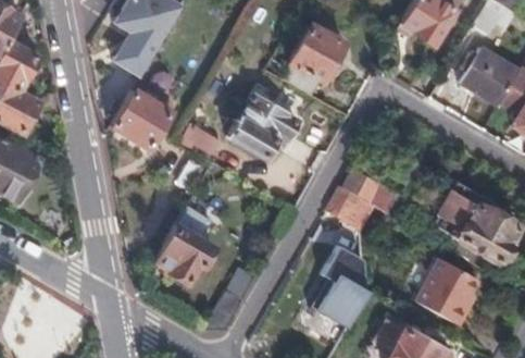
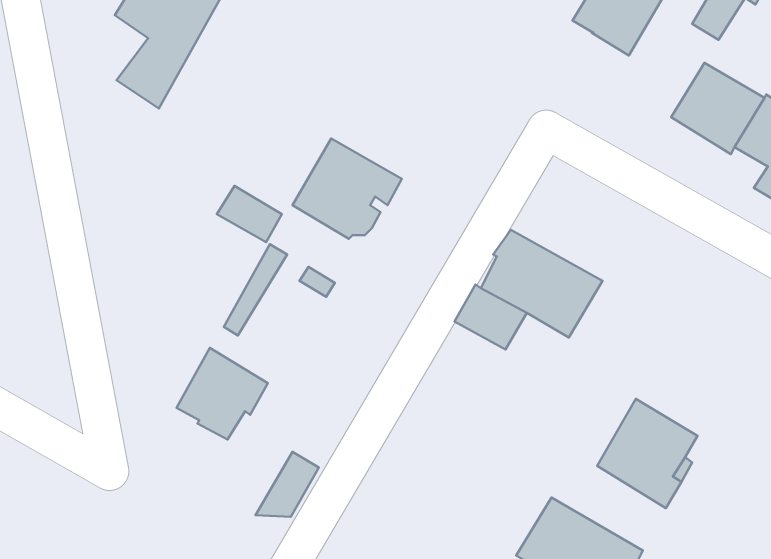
building: [283,24,342,96] -> none
building: [111,89,173,148] -> none
building: [430,181,516,261] -> none
building: [310,245,370,328] -> none

